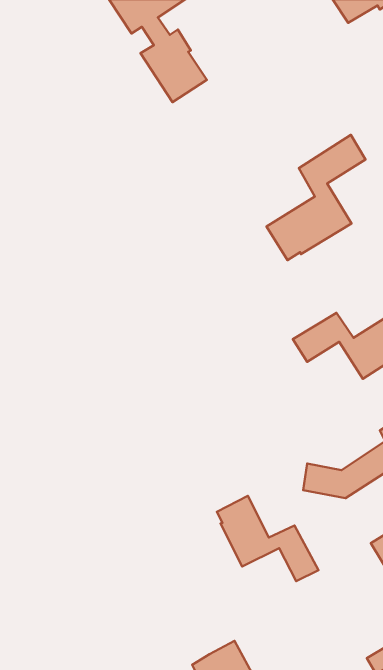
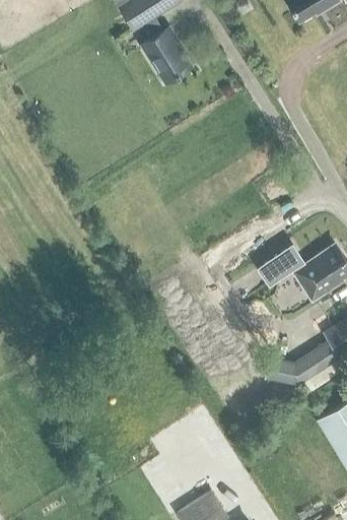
building: [266,135,365,260] -> none
building: [217,496,318,581] -> none

